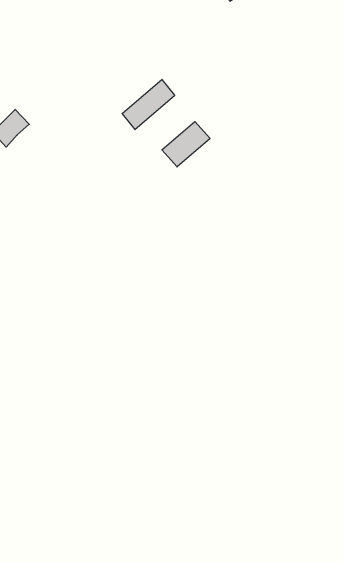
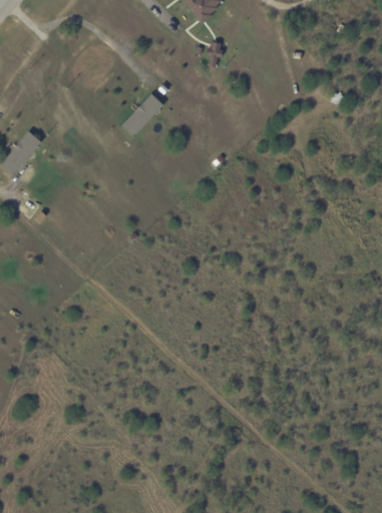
building: [162,122,210,167] -> none

